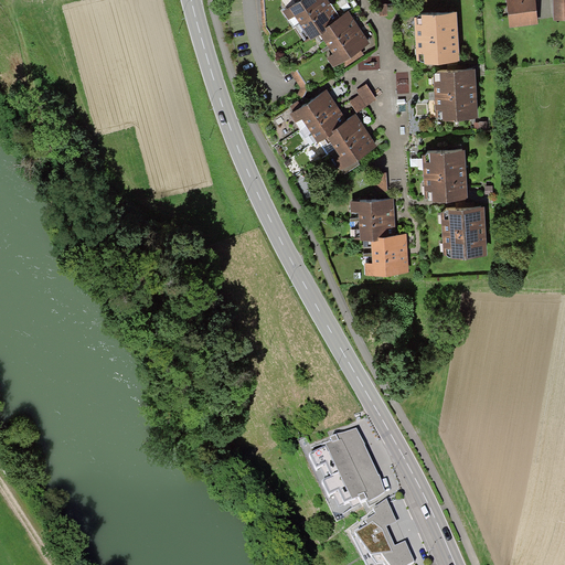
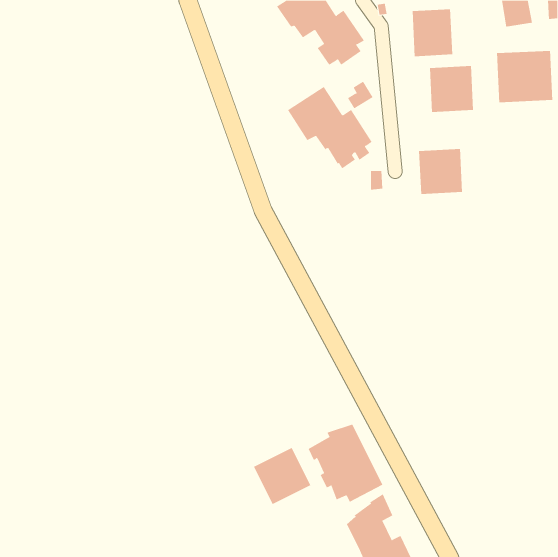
building: none -> [496,50,553,103]
building: [350,198,407,273] -> none
building: [440,207,487,254] -> none
building: none -> [253,447,311,505]

